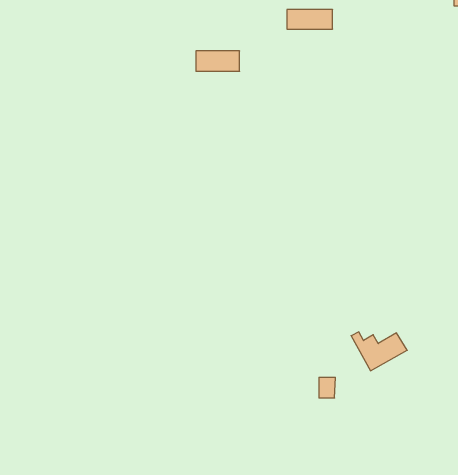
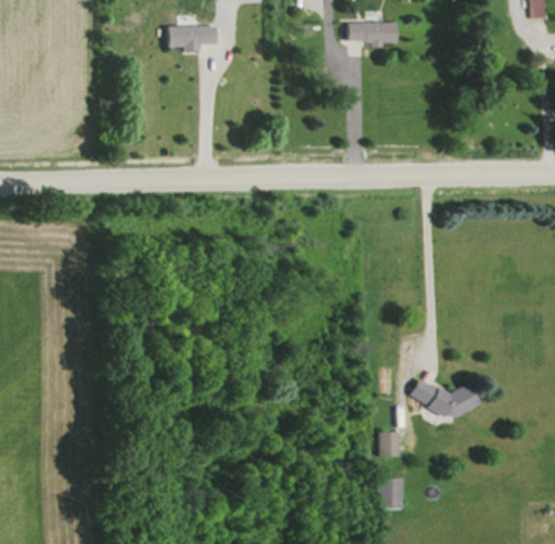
building: [196,51,240,71] -> [167,25,216,48]
building: none -> [378,477,402,508]

